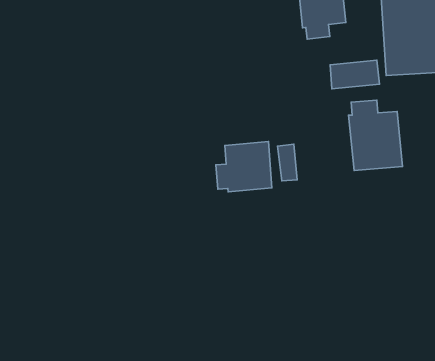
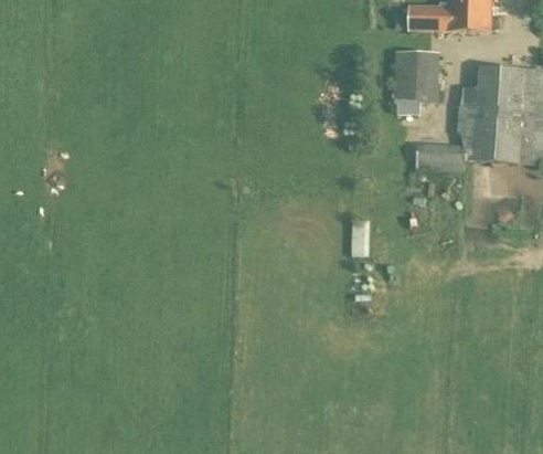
building: [349,100,403,170] -> none
building: [216,141,272,192] -> none

